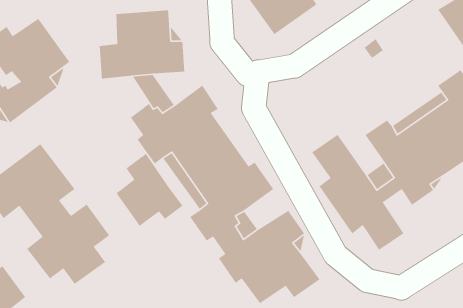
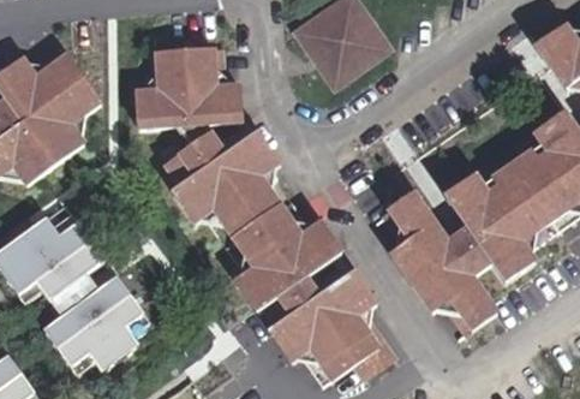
building: [115,153,184,227] -> none

